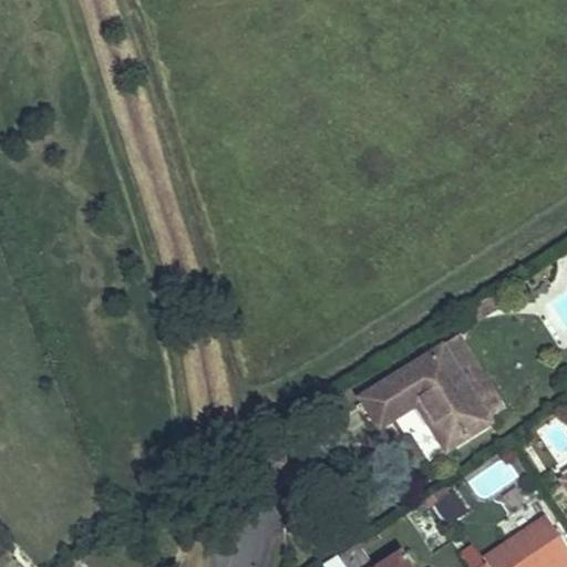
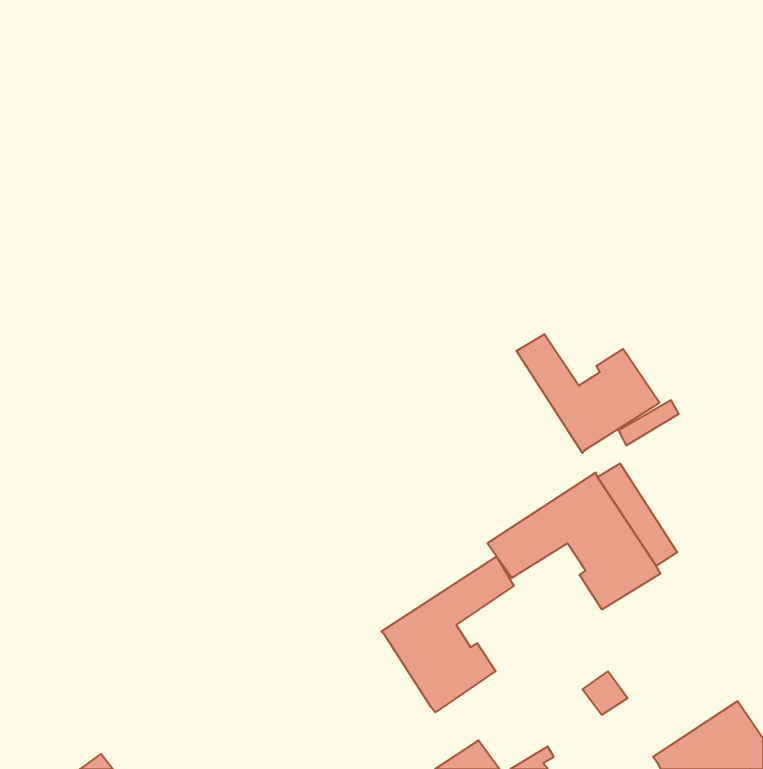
building: none -> [517,334,659,453]
building: none -> [381,556,514,712]

